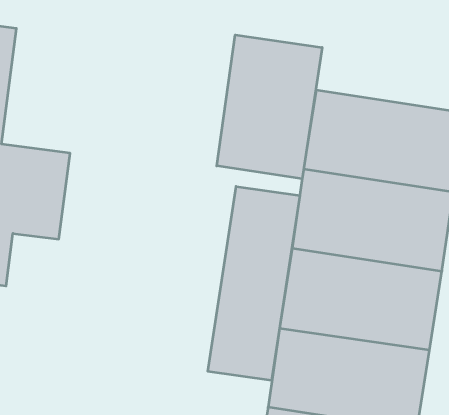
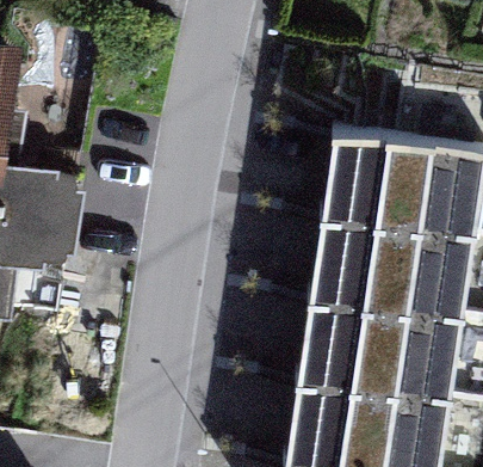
building: [217,35,322,179] -> none
building: [208,186,300,381] -> none

